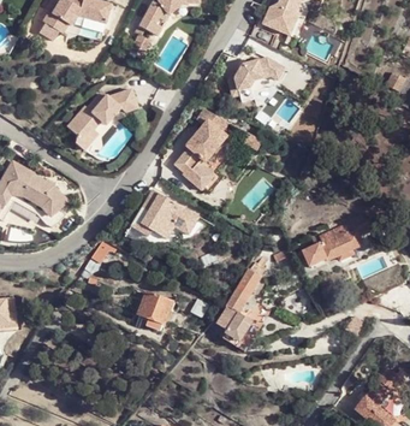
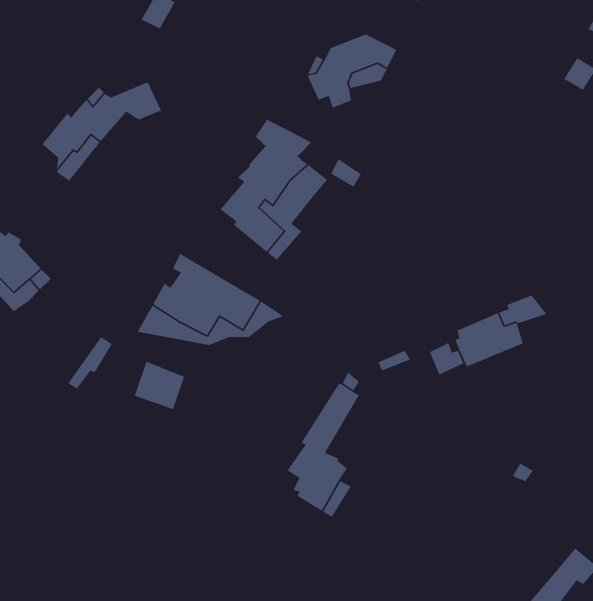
building: [139,294,171,324] -> [134,361,185,410]

